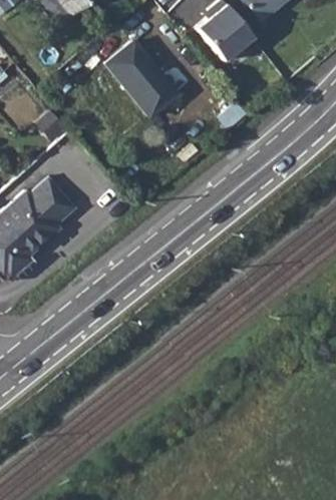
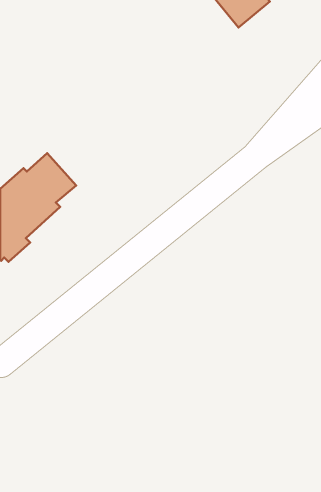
building: [105,40,177,114] -> none

